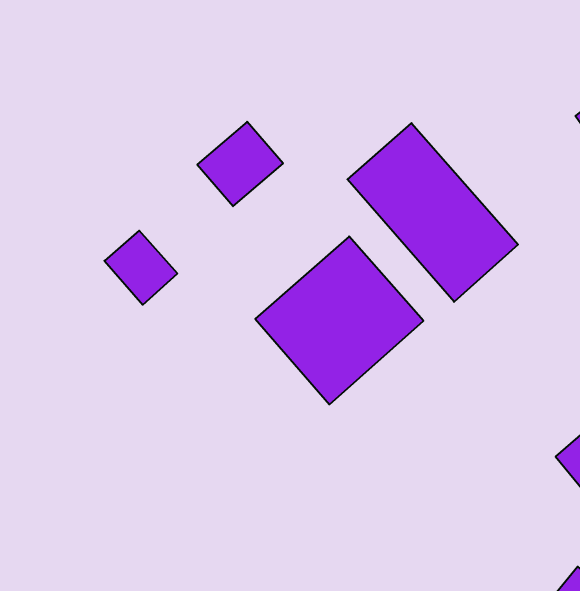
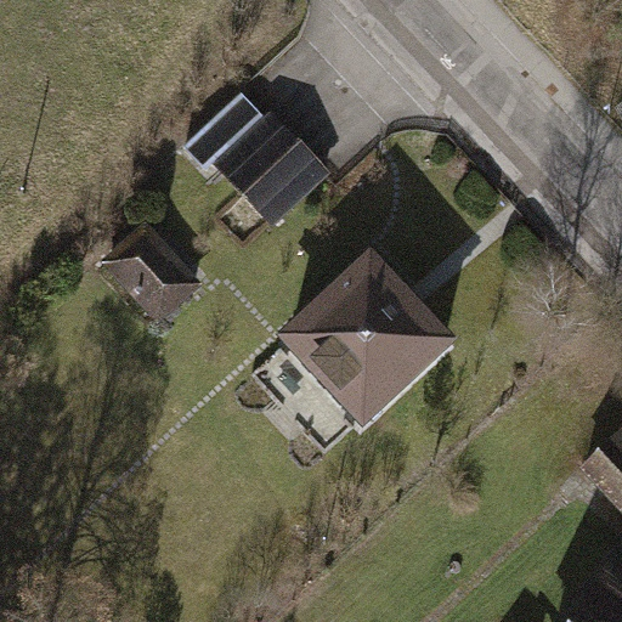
building: [347,123,518,302] -> none

